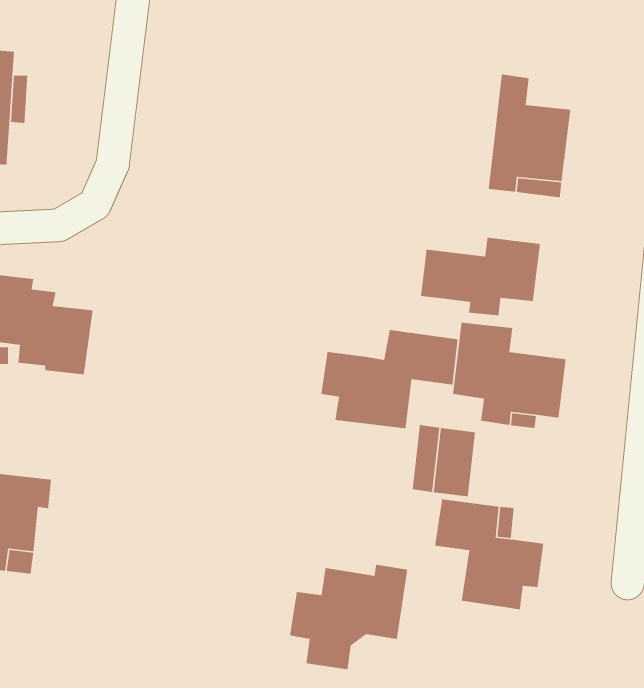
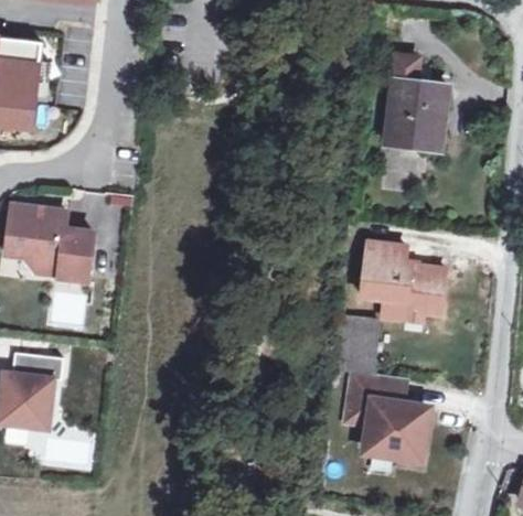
building: [420,237,541,316] -> none
building: [321,329,458,429] -> none
building: [289,564,408,670] -> none

